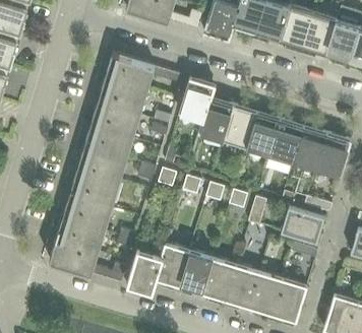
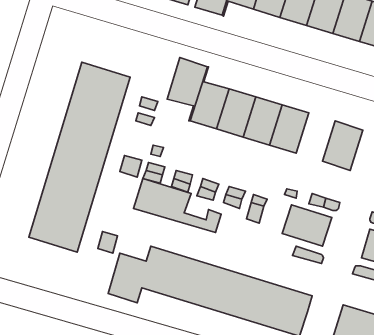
building: [104,54,184,94] -> none
building: [293,126,327,169] -> none
building: [49,236,126,283] -> [134,178,221,233]

